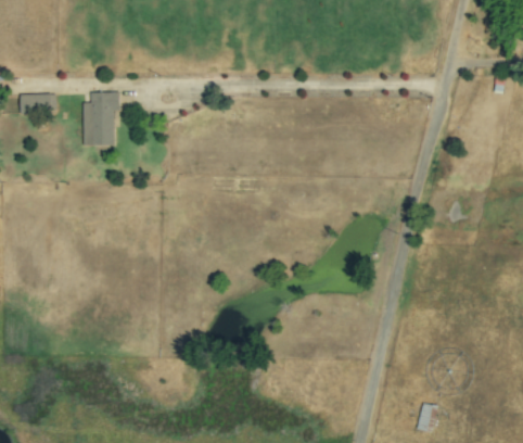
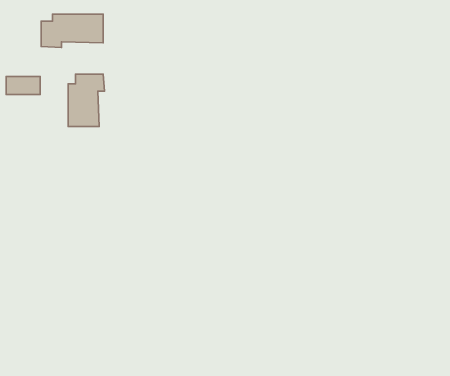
building: none -> [41,14,103,48]

